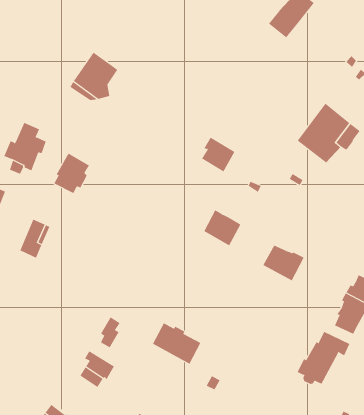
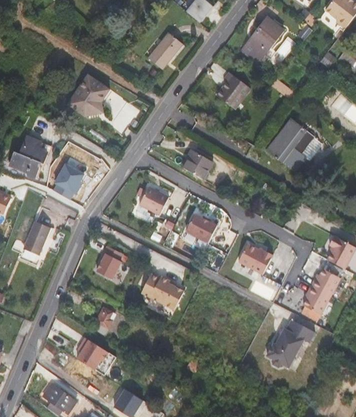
building: none -> [148,32,183,69]
building: none -> [216,71,250,109]
building: none -> [138,185,169,215]
building: none -> [95,245,122,279]
building: [152,322,201,364] -> [140,272,183,309]

